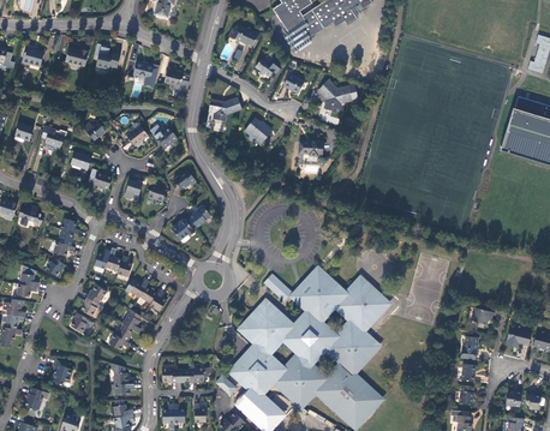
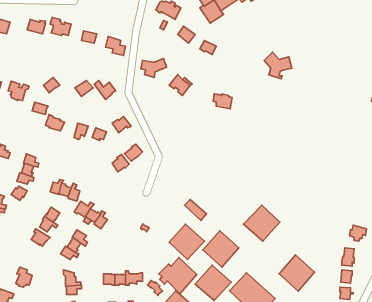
building: [317,79,352,113] -> [264,52,292,79]
building: [295,273,341,318] -> none
building: [329,324,373,370] -> [279,255,314,291]

